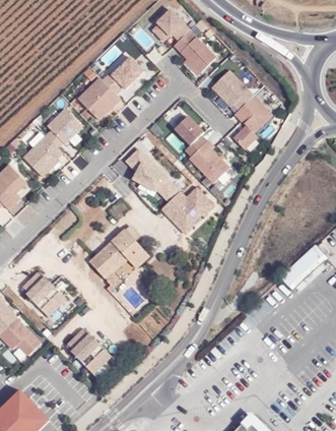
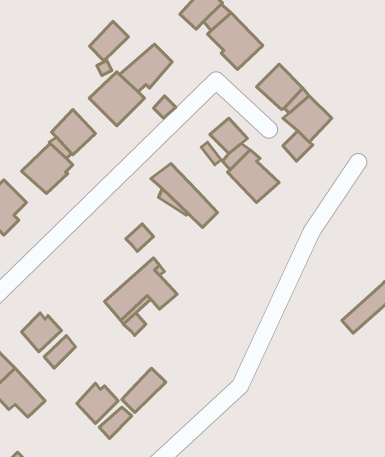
building: none -> [90,21,129,61]
building: [161,186,215,233] -> none
building: none -> [122,368,166,413]

